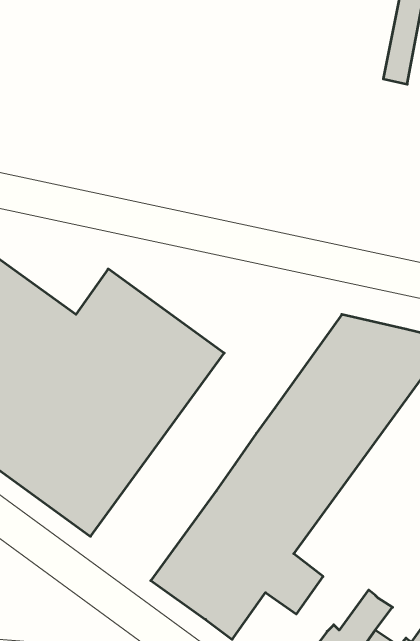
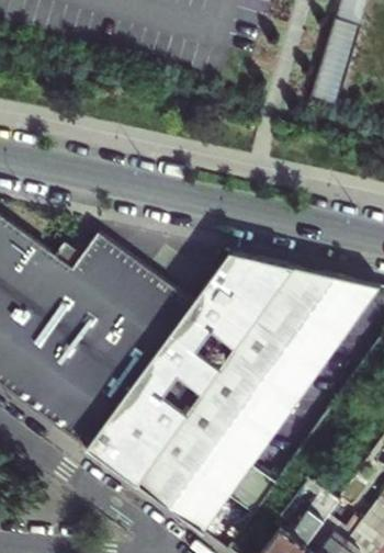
building: none -> [87,253,293,486]

